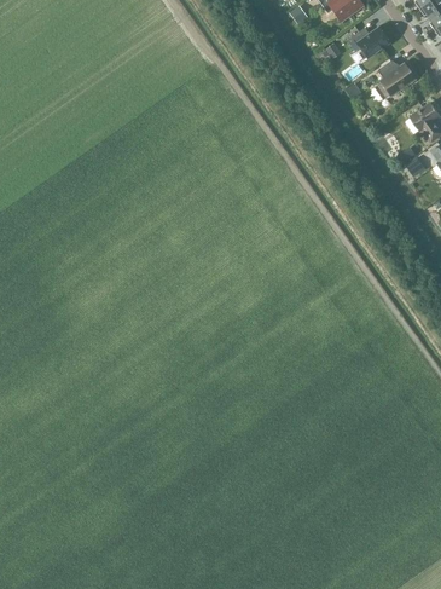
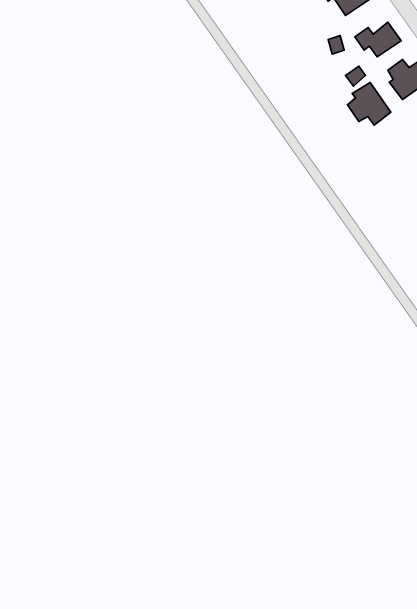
building: none -> [348,82,391,125]

